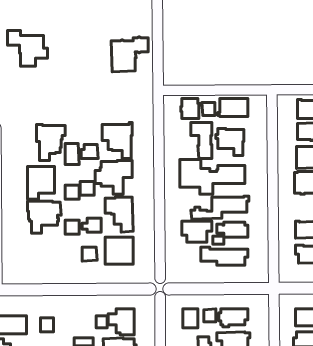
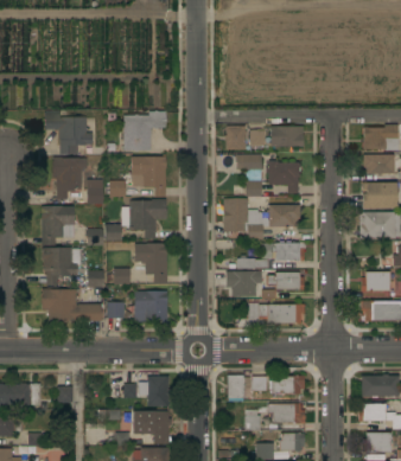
building: [8,30,47,66] -> [44,111,91,154]
building: [111,37,148,72] -> [122,110,166,152]
building: none -> [40,288,102,324]

